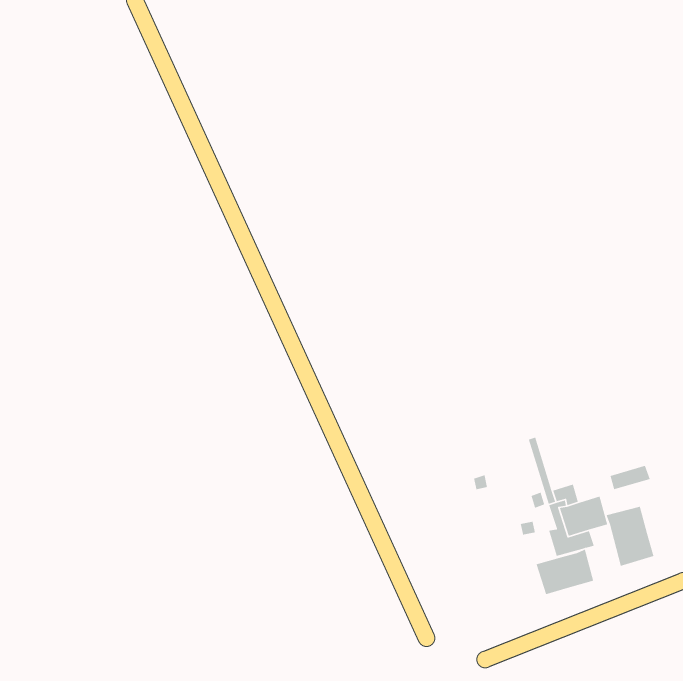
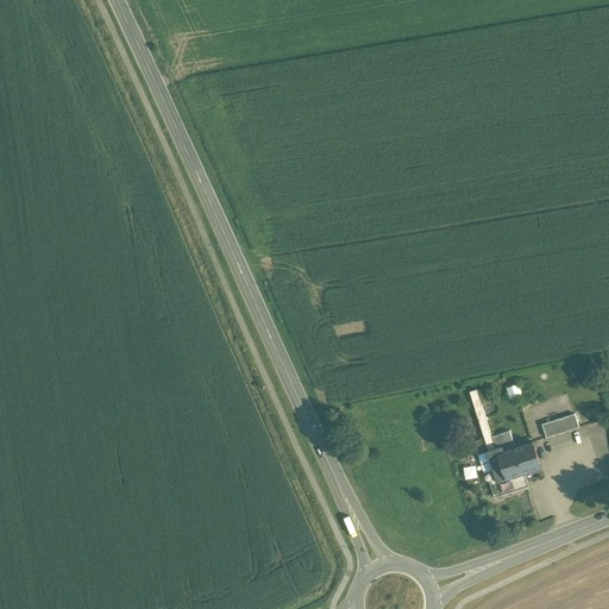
building: [605,506,655,567] -> none
building: [535,549,594,595] -> none

